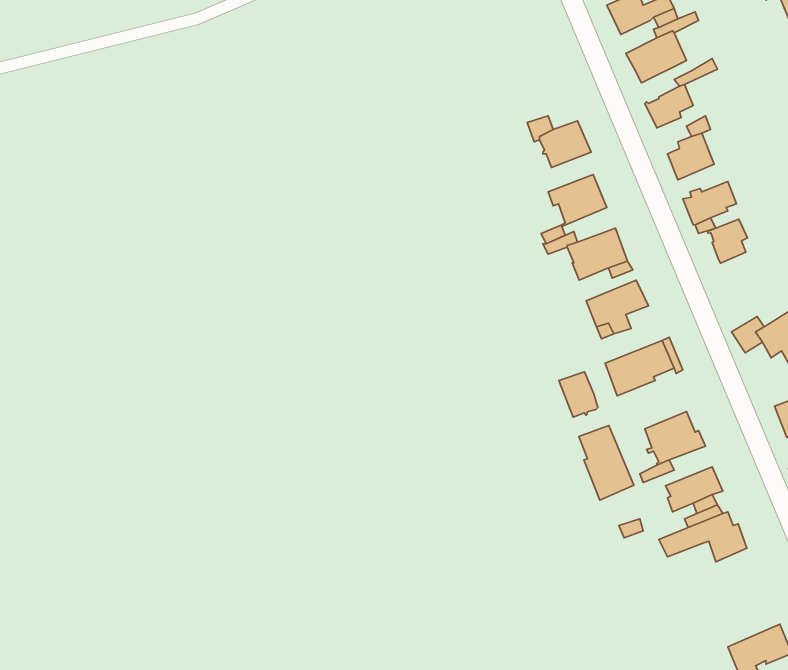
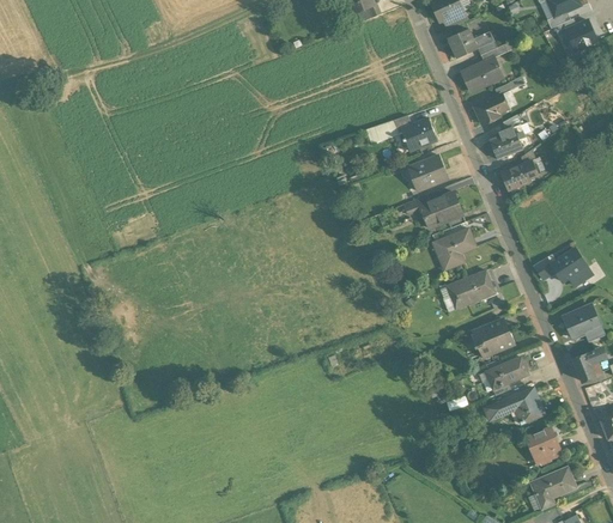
building: [708,219,748,263] -> none
building: [559,372,598,417] -> none
building: [579,425,634,500] -> none
building: none -> [524,428,560,464]

